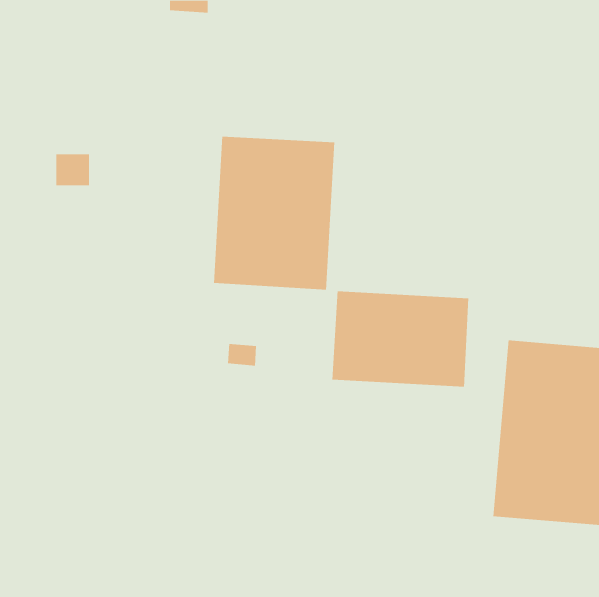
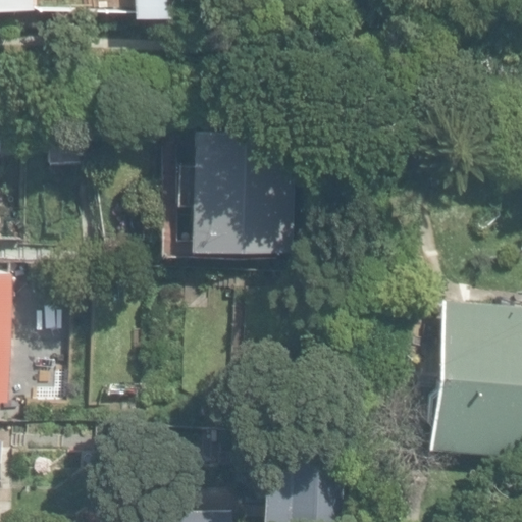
building: [332,291,469,388] -> none

